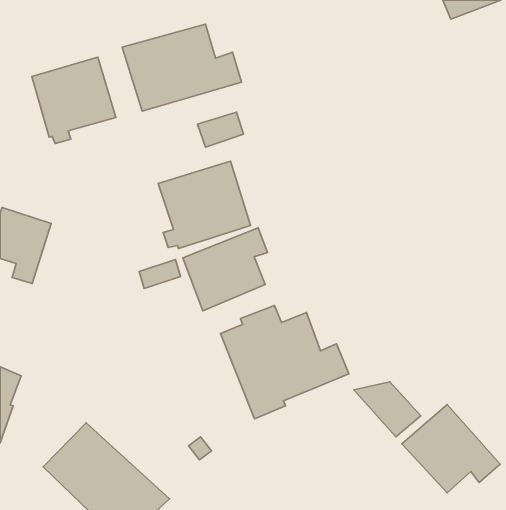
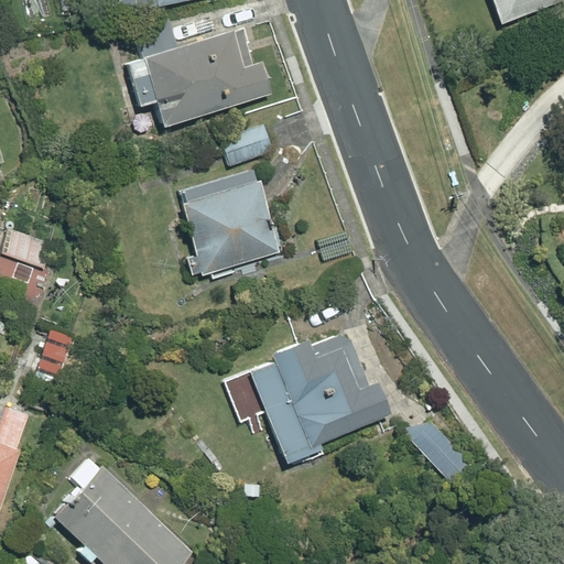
building: [32,57,116,144] -> none
building: [183,228,268,311] -> none
building: [402,405,500,493] -> none

